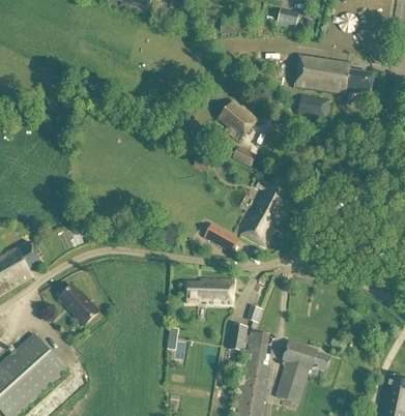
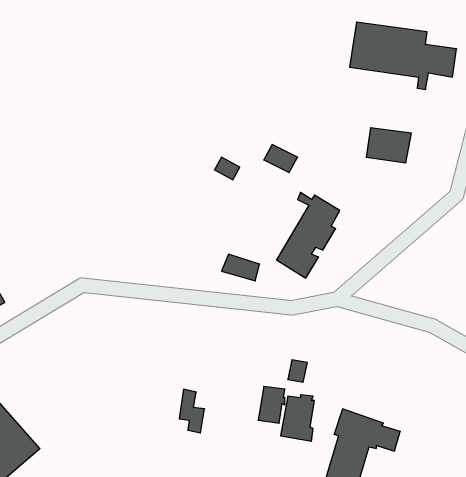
building: [296,93,329,119] -> [366,128,411,163]
building: [216,100,256,141] -> none
building: [186,278,234,303] -> none
building: [59,285,98,322] -> none

